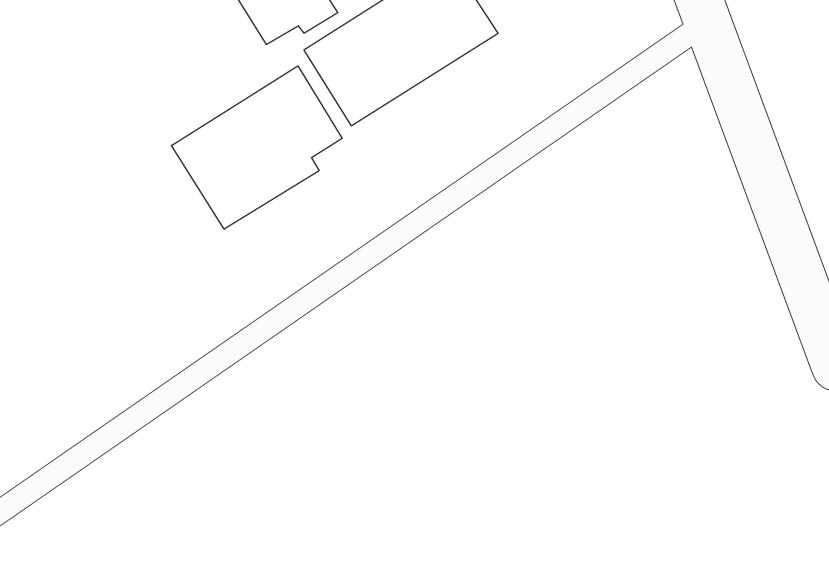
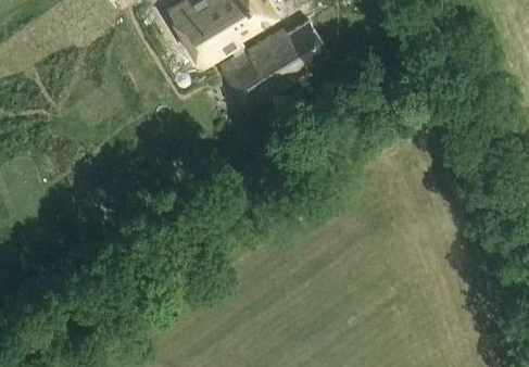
building: [171,66,342,229] -> none

